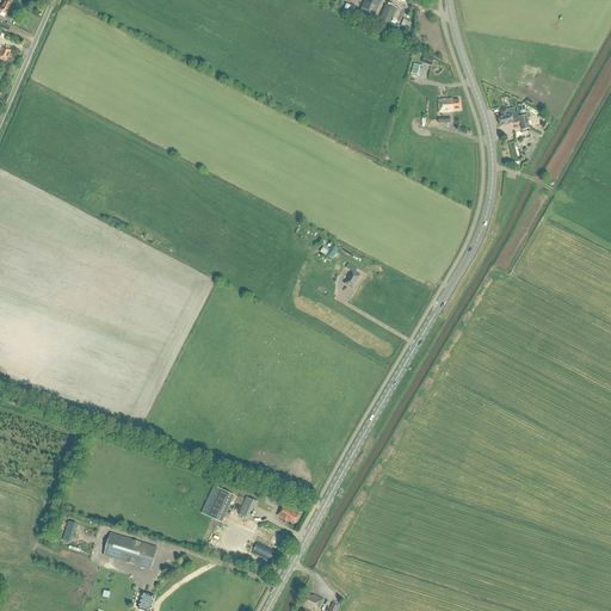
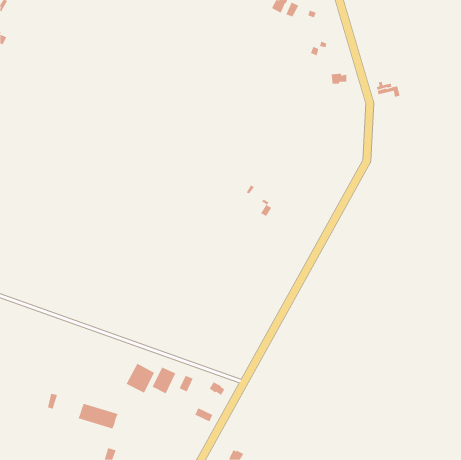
building: none -> [126,363,155,393]

